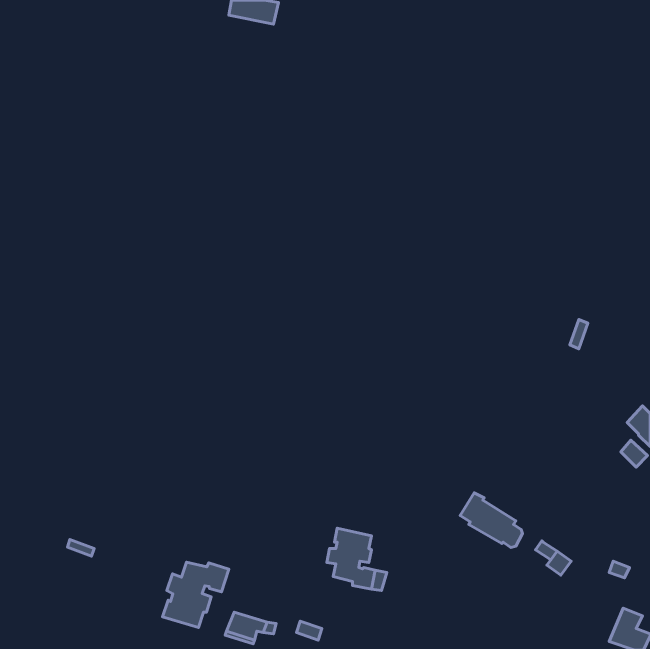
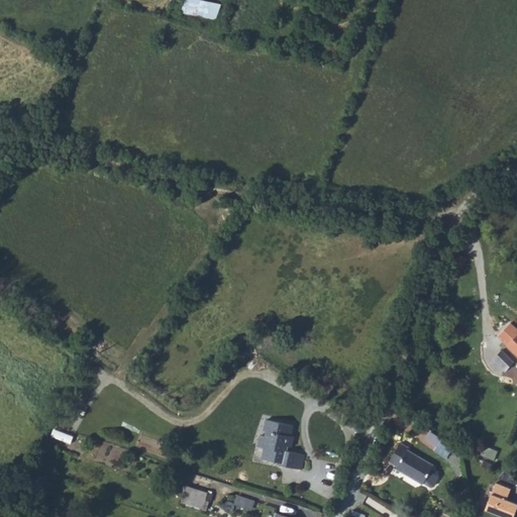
building: [460,493,522,547] -> [389,443,438,487]
building: [162,562,229,627] -> none

